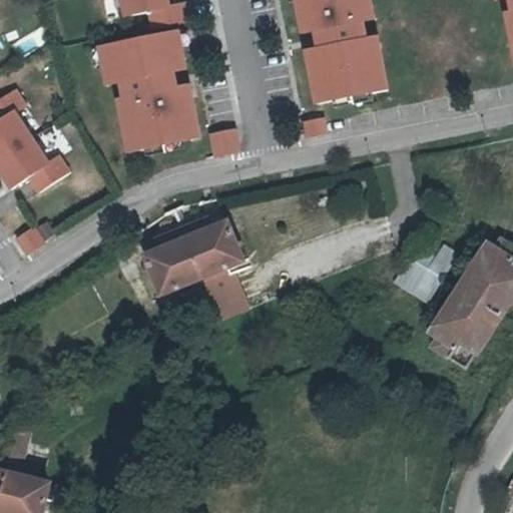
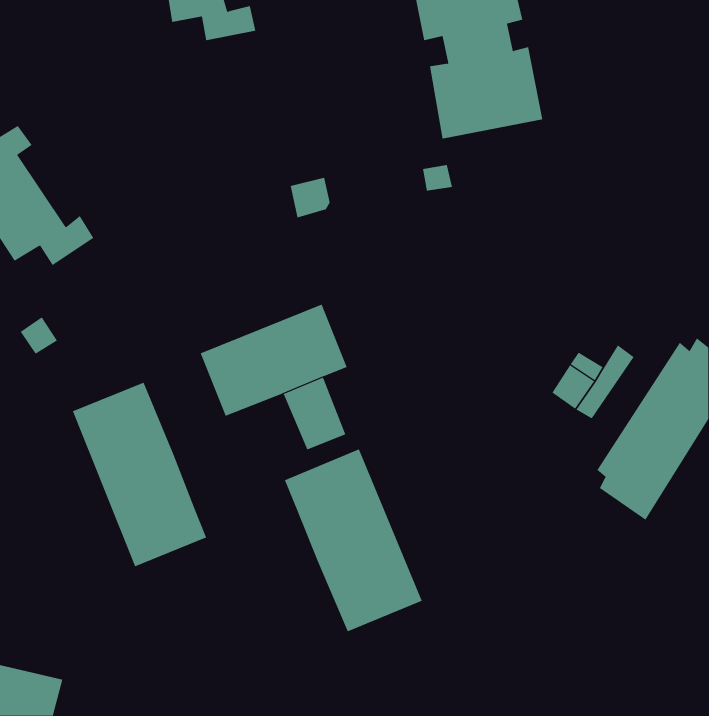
building: [99,30,199,150] -> none
building: none -> [72,382,207,567]
building: none -> [284,449,422,632]

